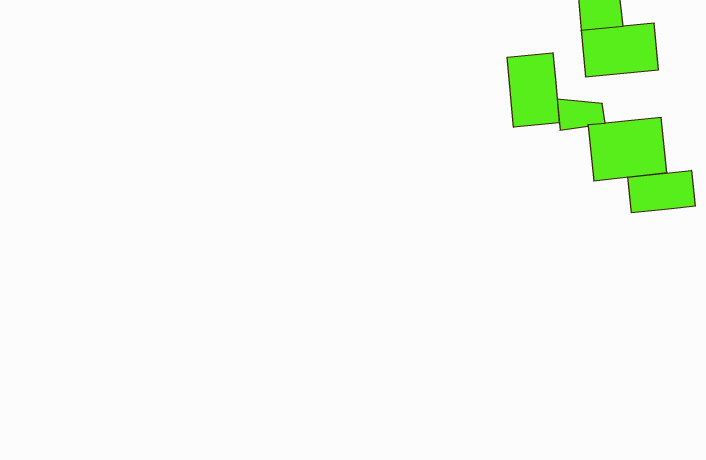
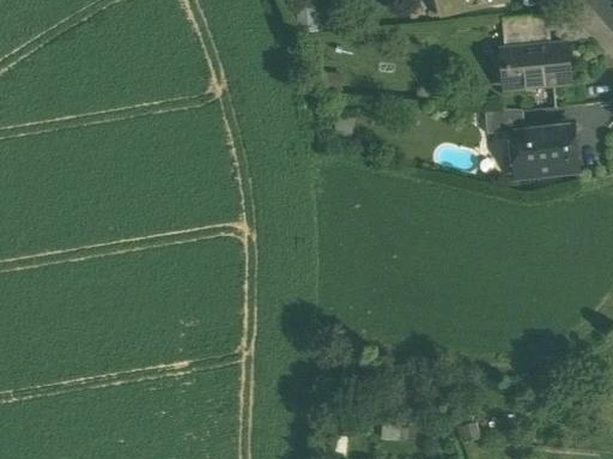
building: [507,53,559,127] -> none
building: [628,170,695,213] -> none

